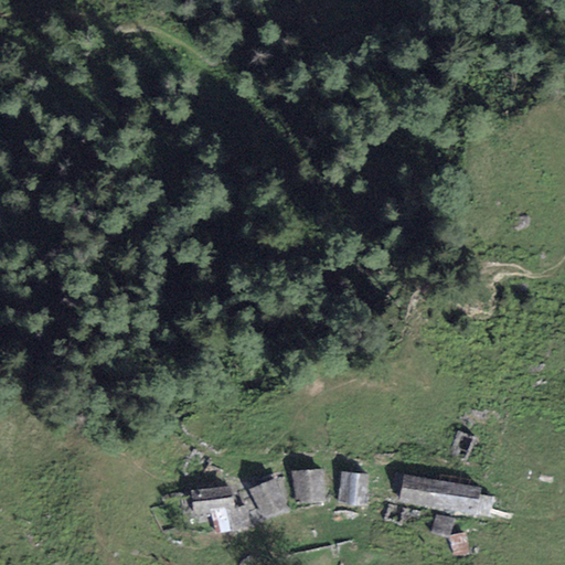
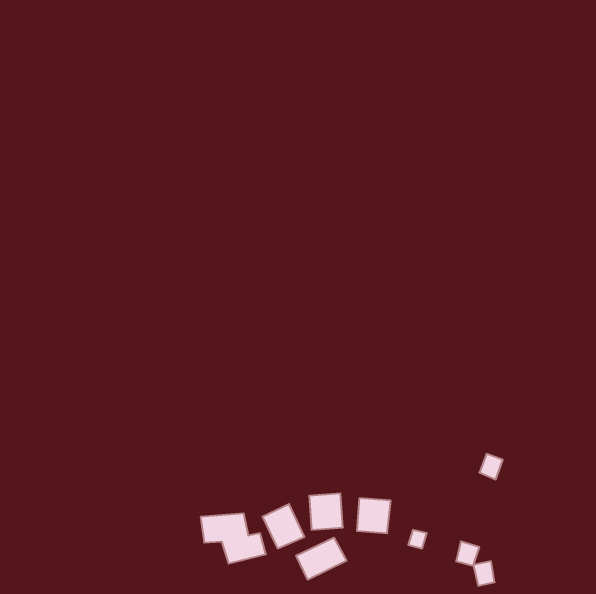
building: [398,471,492,518] -> none
building: none -> [296,538,346,580]

